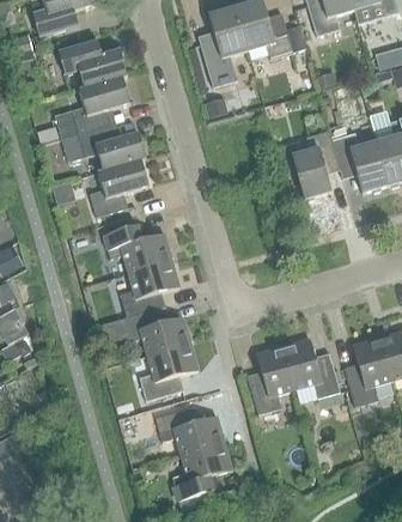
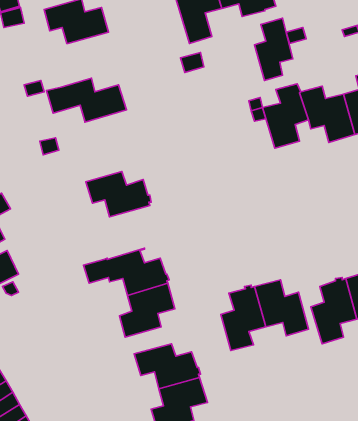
building: none -> [255,18,293,80]
building: [55,75,130,138] -> none
building: [89,158,148,217] -> none
building: [120,260,178,317] -> none

